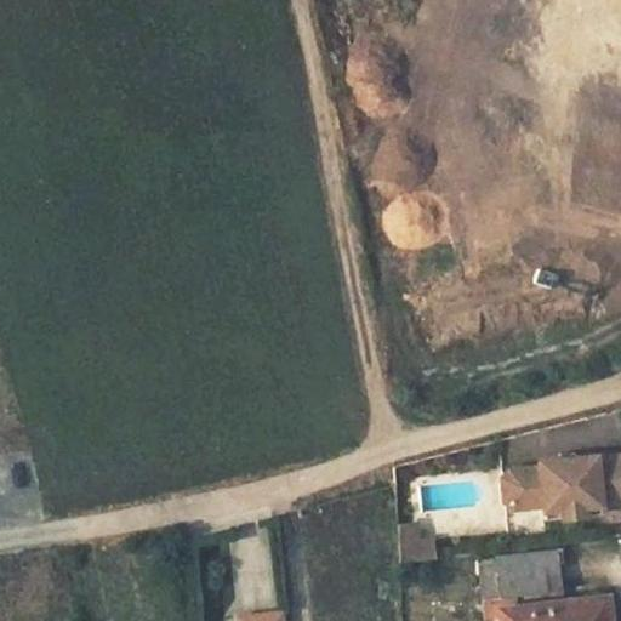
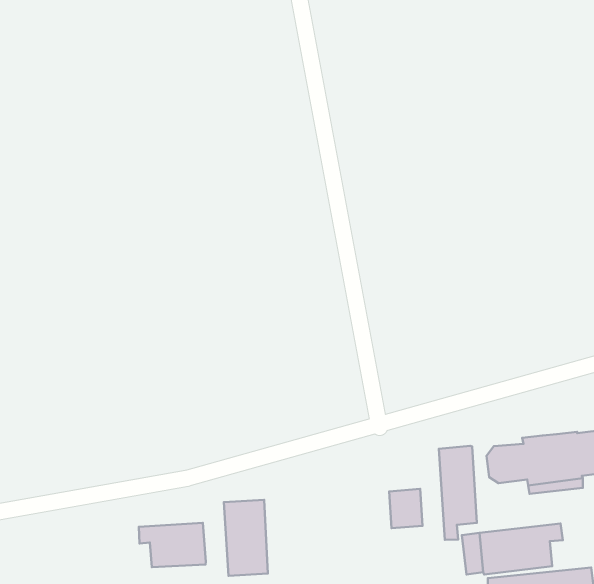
building: none -> [439,446,477,540]
building: none -> [139,523,206,567]

